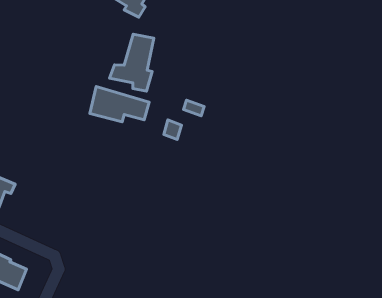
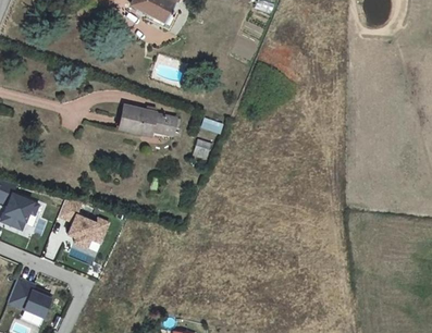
building: [110,34,154,91] -> none
building: none -> [58,196,108,246]

